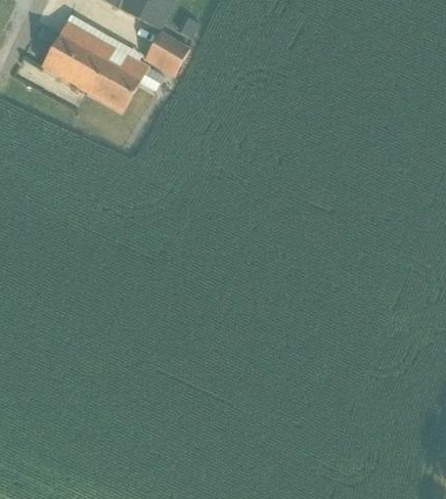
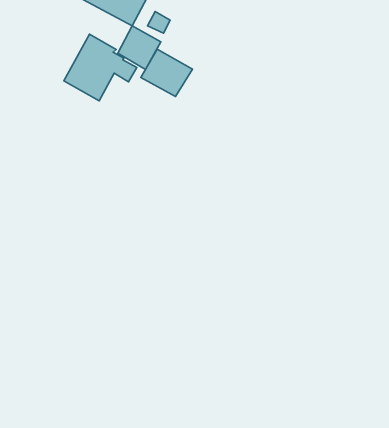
building: [42,15,112,89] -> none
building: none -> [141,49,192,96]

